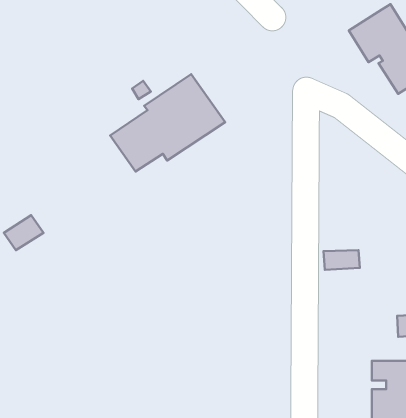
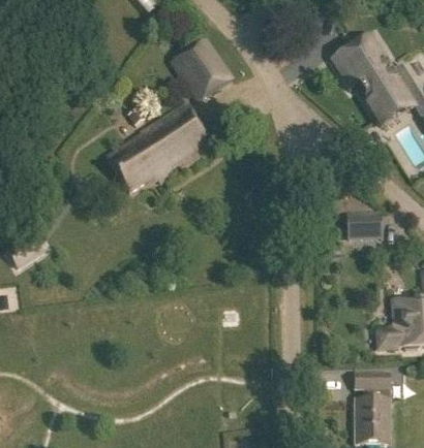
building: none -> [173,38,231,98]
building: [324,250,360,270] -> [347,214,382,232]

